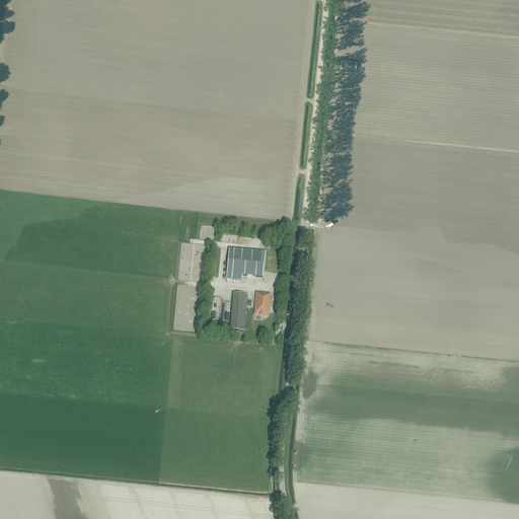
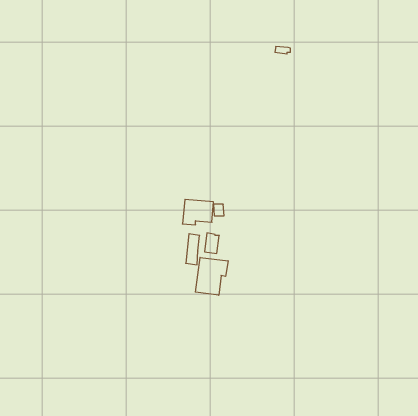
building: none -> [195,257,228,295]

